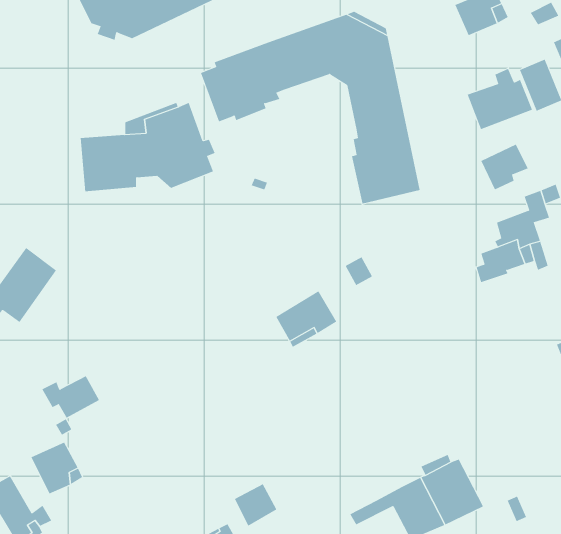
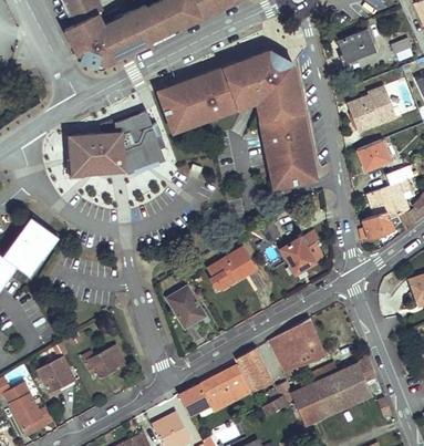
building: none -> [216,91,267,132]
building: none -> [282,230,316,268]
building: none -> [166,288,206,331]
building: [41,375,100,419] -> [83,346,125,377]
building: none -> [270,321,323,373]
building: none -> [235,346,272,392]
building: none -> [341,352,379,401]
building: none -> [200,366,248,411]

